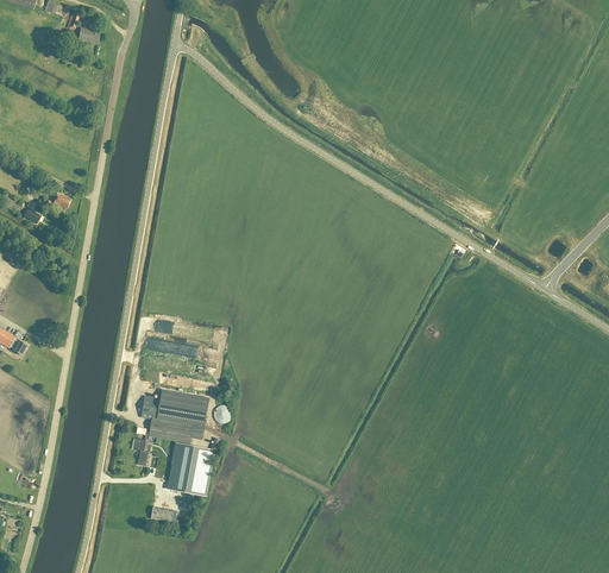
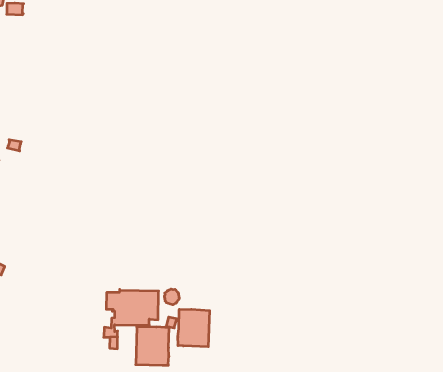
building: none -> [178,309,210,347]

